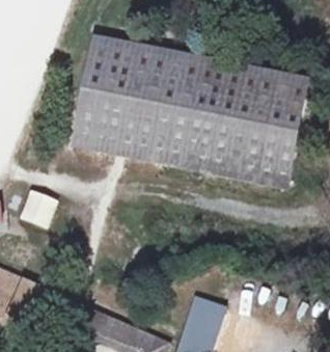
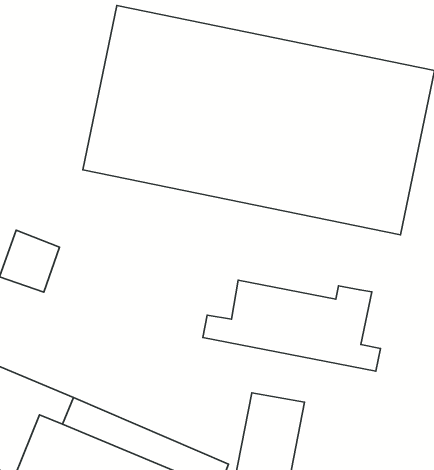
building: none -> [203,280,381,371]

